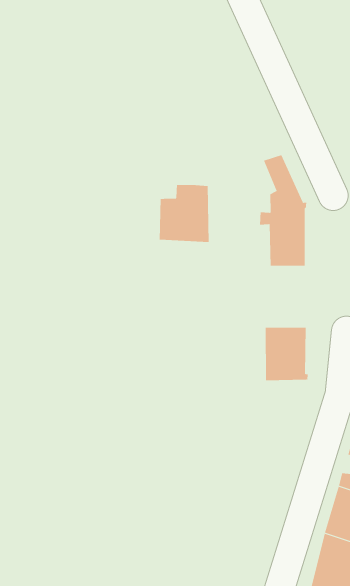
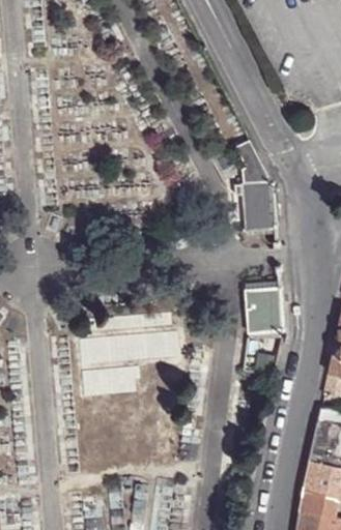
building: [159,184,209,243] -> none

